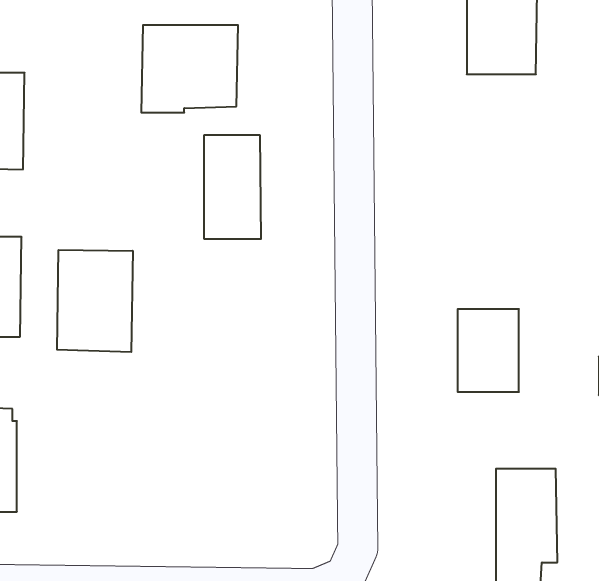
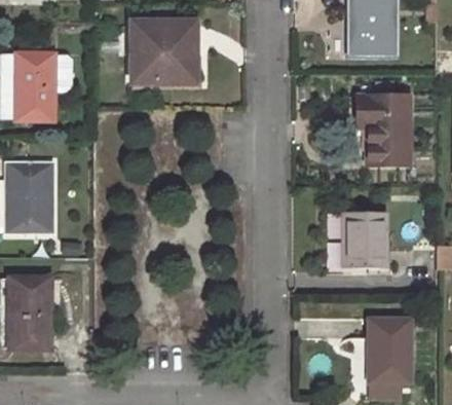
building: [204,135,261,239] -> none
building: none -> [359,97,411,165]
building: [57,250,133,352] -> none

